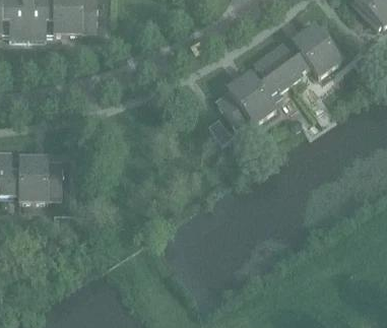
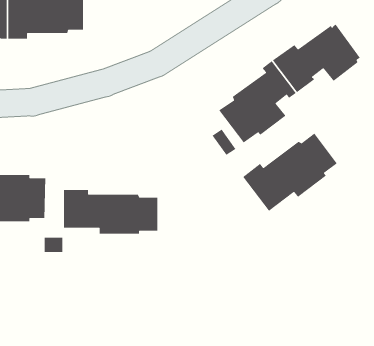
building: none -> [242,133,338,212]
building: none -> [63,189,158,234]

